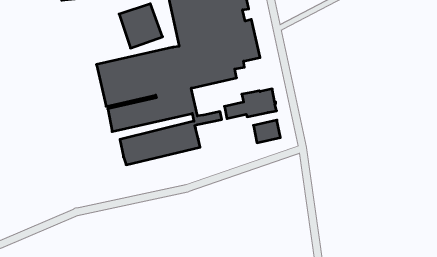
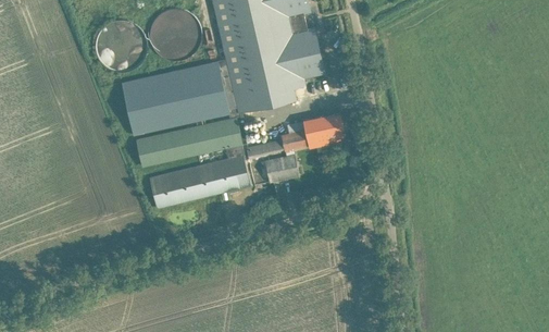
building: none -> [95,15,150,74]
building: [253,120,280,143] -> [264,156,298,184]

